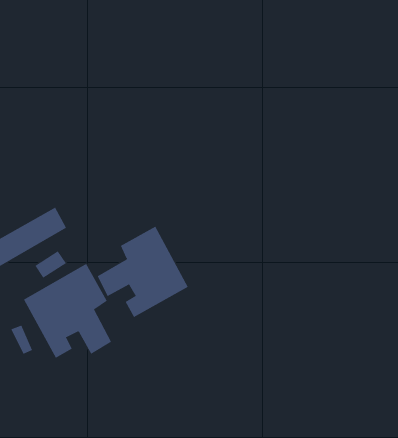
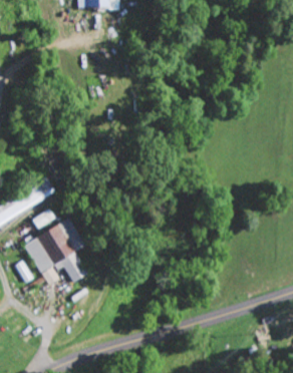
building: [97,226,188,318] -> none

